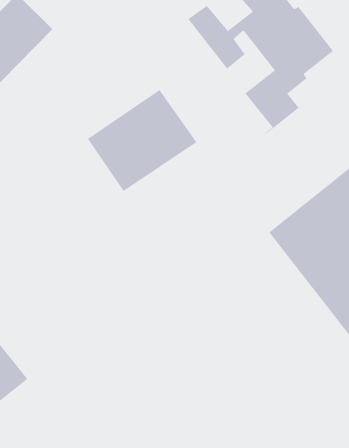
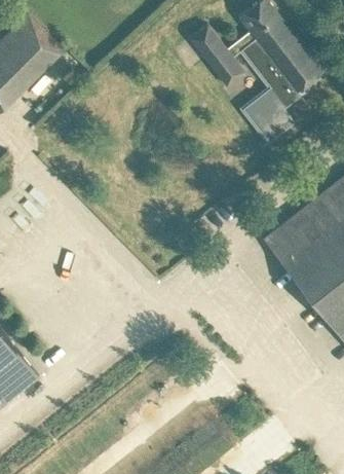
building: [87,89,197,192] -> none

